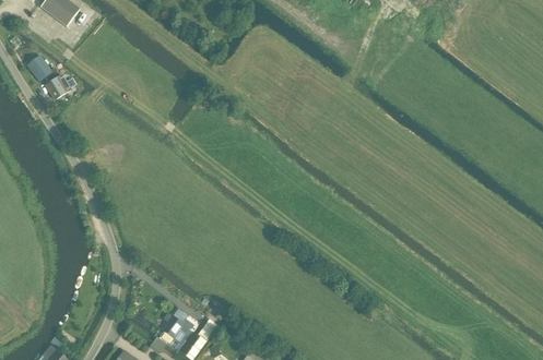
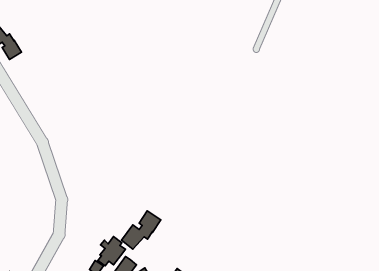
building: none -> [121,211,161,249]

